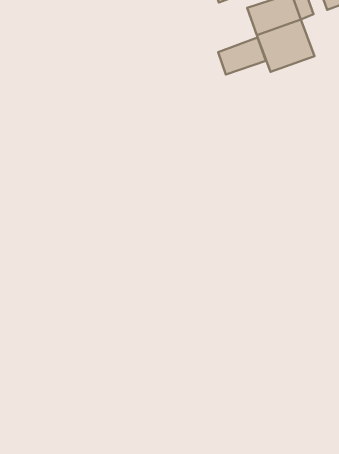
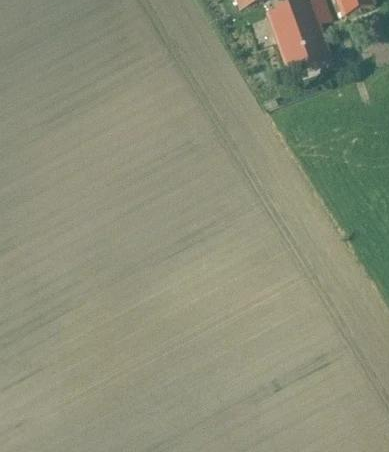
building: [218,37,266,75] -> none

